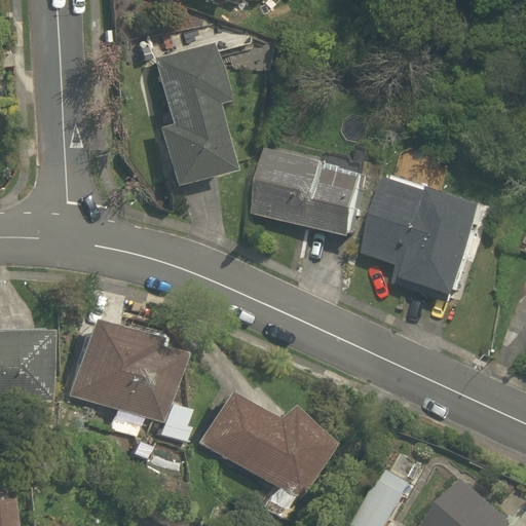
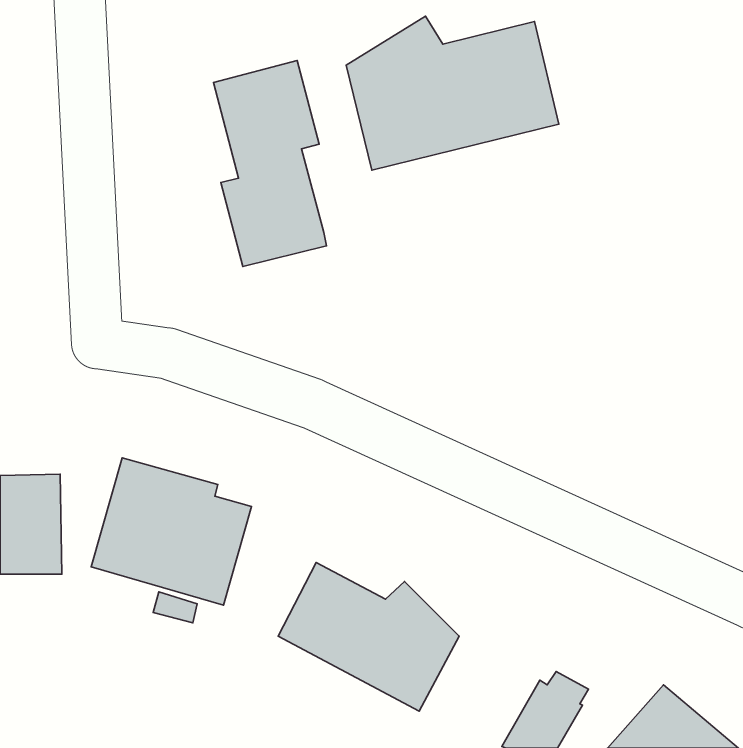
building: none -> [346,16,559,170]
building: [262,149,377,237] -> none
building: [375,178,494,304] -> none

